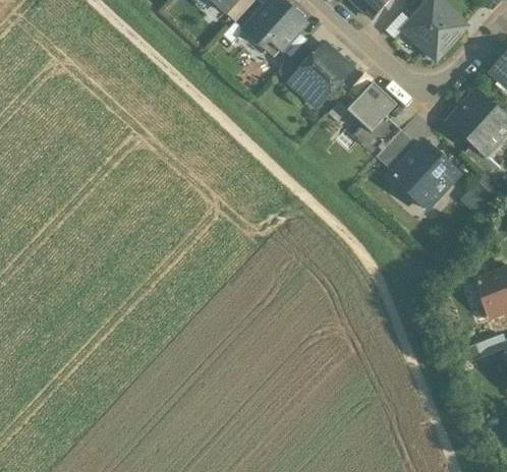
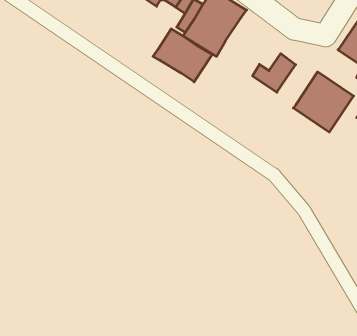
building: none -> [153,29,212,82]
building: [346,81,396,131] -> none
building: [376,129,418,172] -> none

